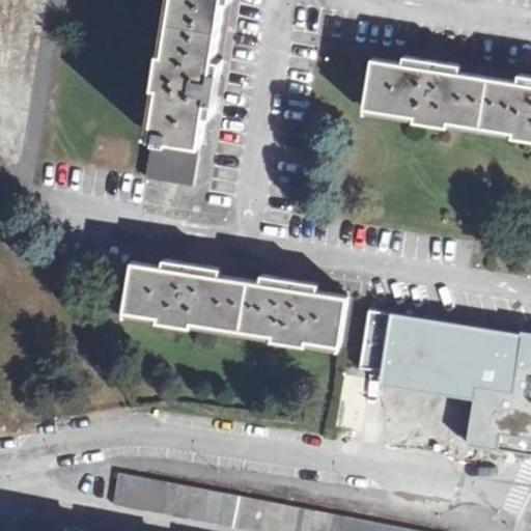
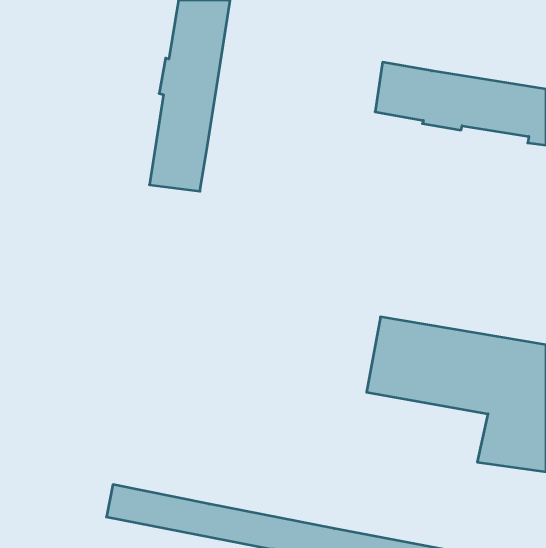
building: [121,258,345,347] -> none

